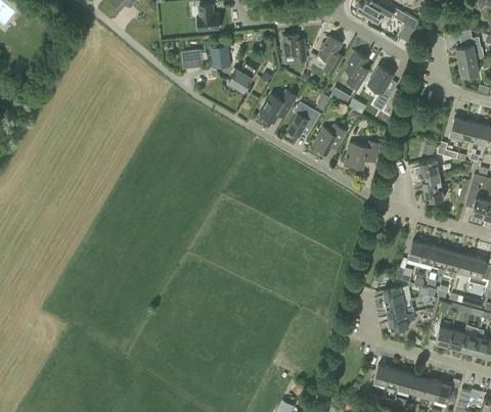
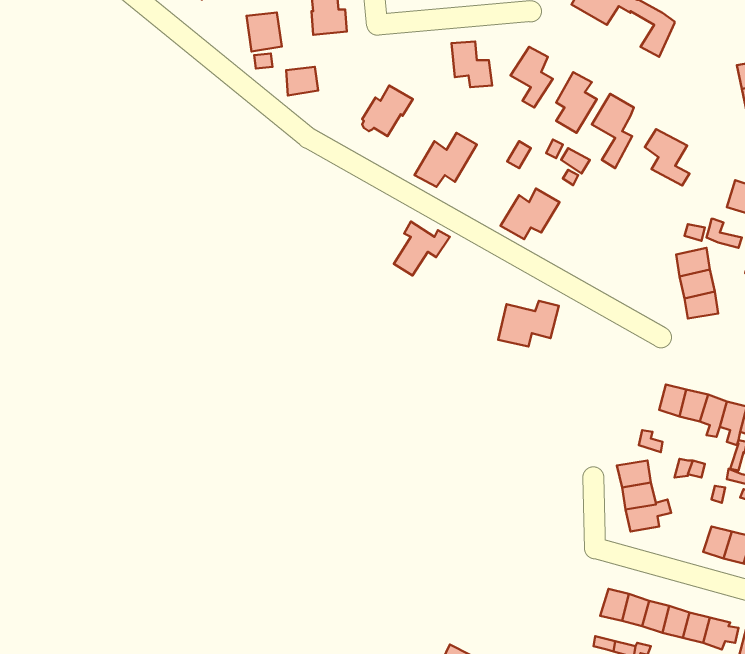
building: [210,45,231,68] -> [246,13,282,51]
building: none -> [645,129,689,185]
building: [287,104,321,137] -> [394,222,450,276]
building: [344,140,381,168] -> [498,301,559,347]

